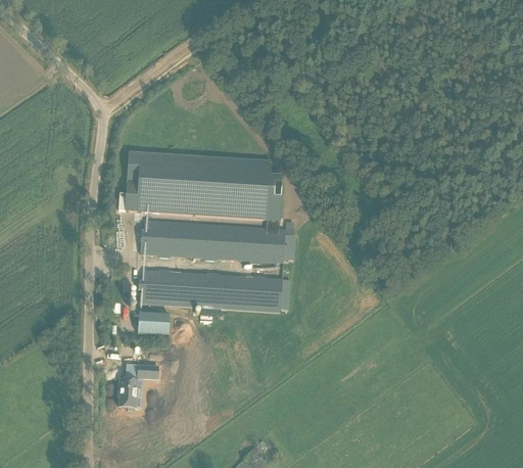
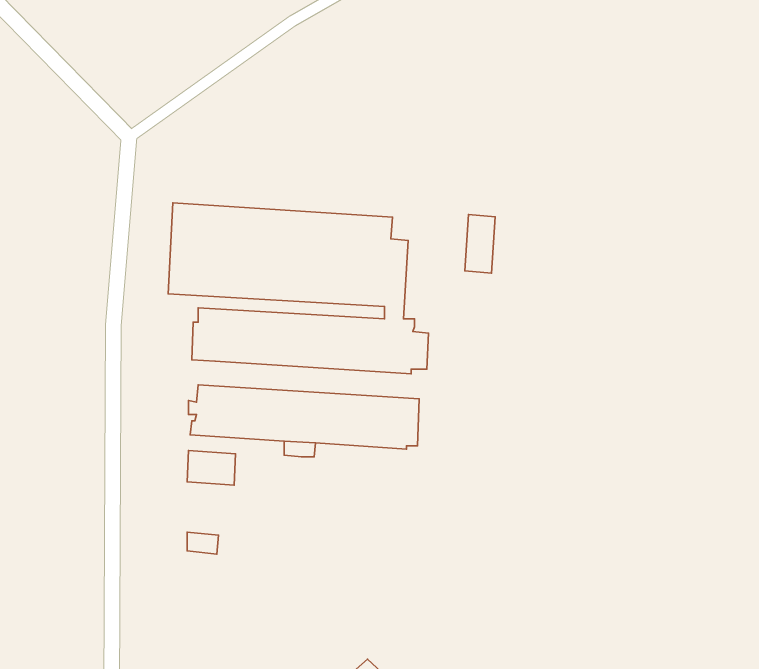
building: none -> [465,214,495,273]
building: [120,378,139,410] -> none

